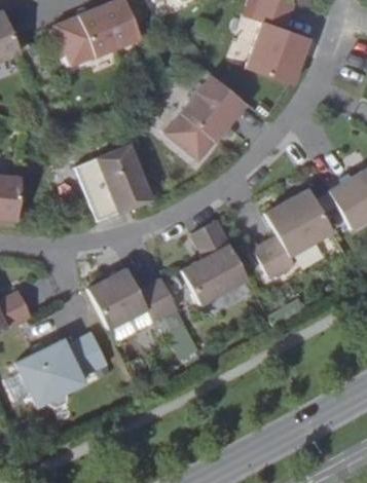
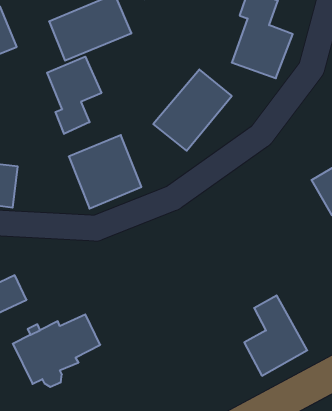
building: none -> [47,57,101,134]
building: [254,188,333,277] -> none
building: [182,220,248,304] -> [244,295,307,376]
building: [87,268,178,328] -> none

